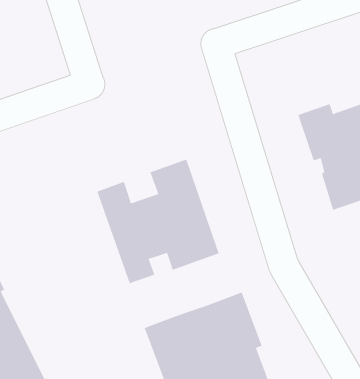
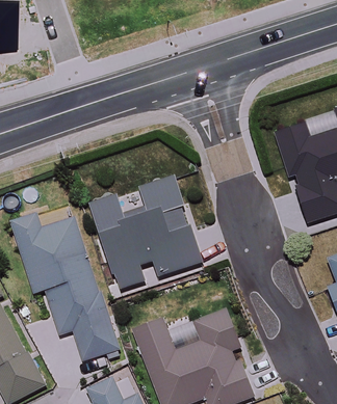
building: none -> [12,215,119,360]

